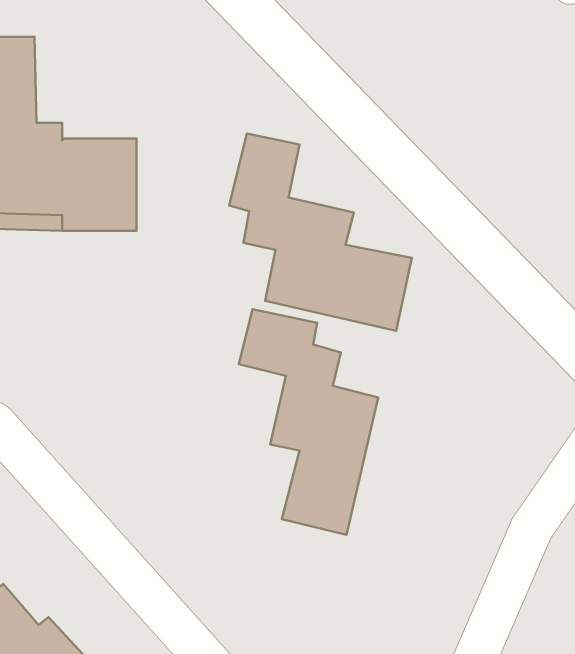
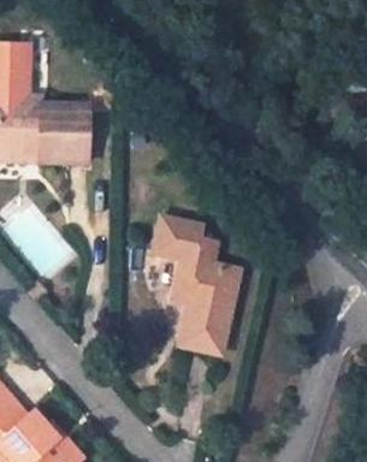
building: [229,134,412,331] -> none

